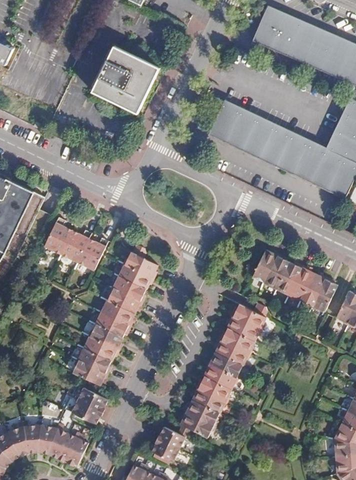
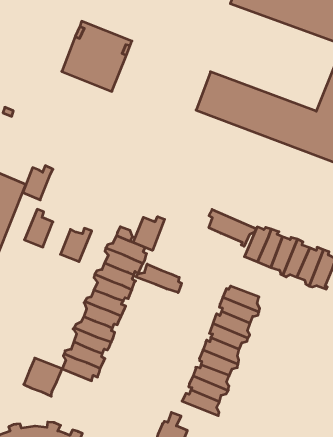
building: none -> [209,209,256,246]
building: [60,232,90,264] -> [23,166,53,200]
building: none -> [133,217,165,250]
building: none -> [136,264,182,293]
building: [71,388,108,425] -> [24,358,62,396]
building: [177,410,214,437] -> none

